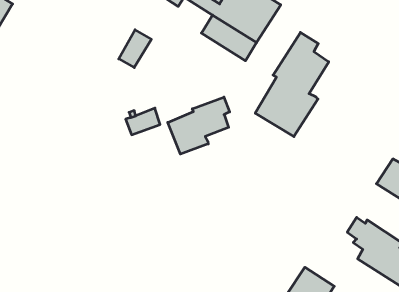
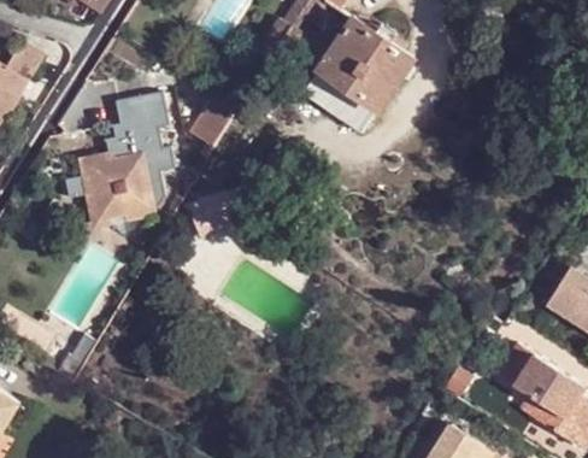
building: none -> [67,90,177,229]
building: [255,32,329,137] -> none
building: [168,97,230,154] -> none

